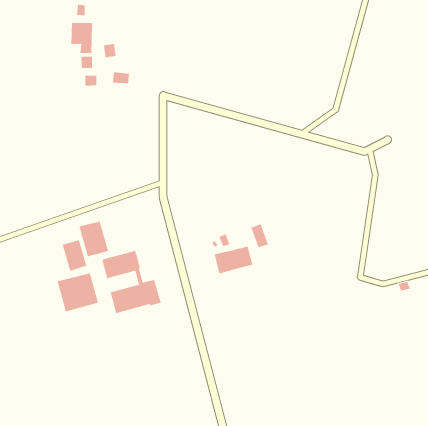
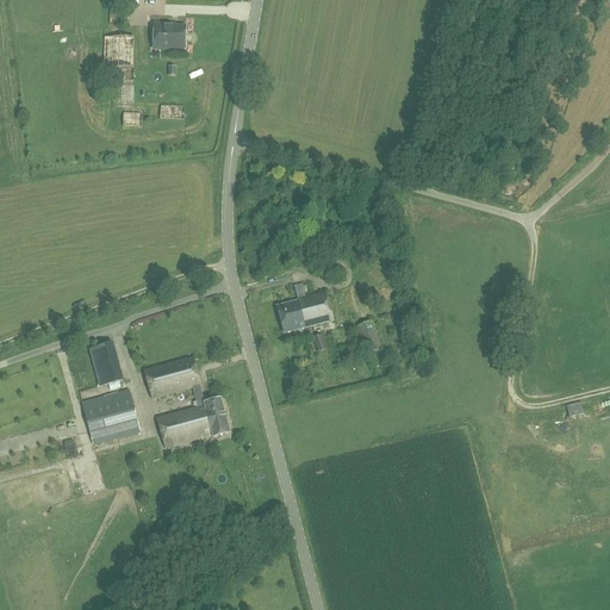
building: none -> [152,20,185,46]
building: [79,220,109,257] -> none
building: [214,246,253,274] -> [276,292,332,332]

